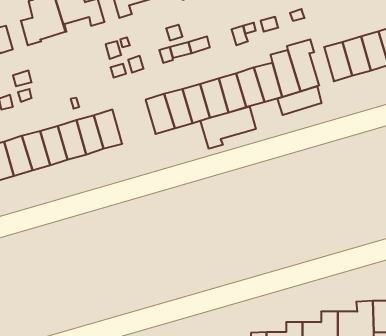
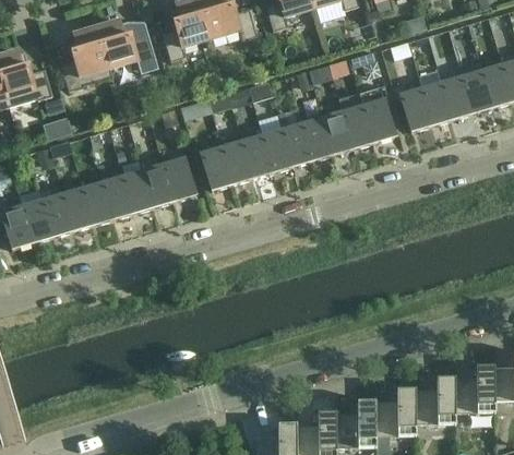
building: [277,86,321,115] -> none
building: none -> [163,156,194,200]
building: [200,107,256,149] -> none

